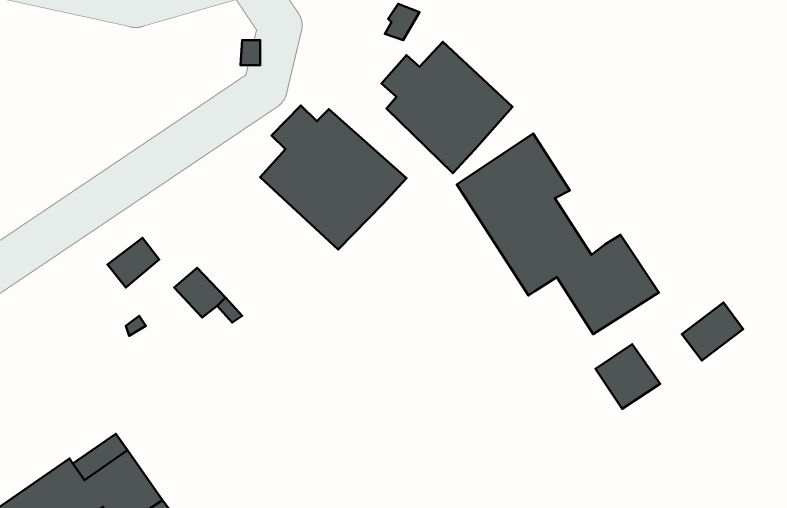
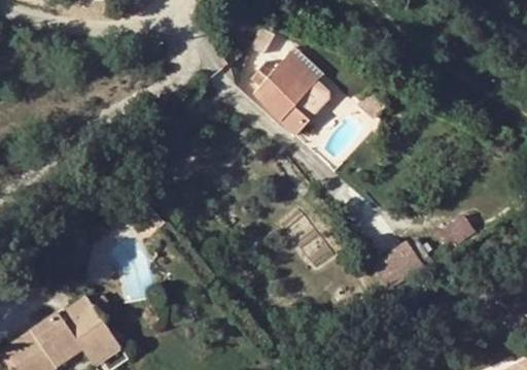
building: [260,106,407,250] -> none
building: [457,134,659,334] -> none

